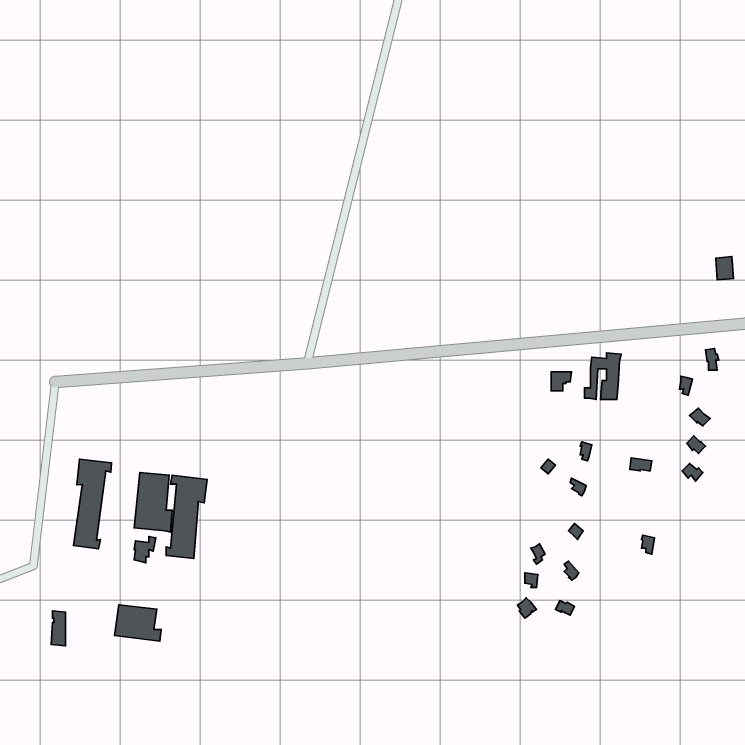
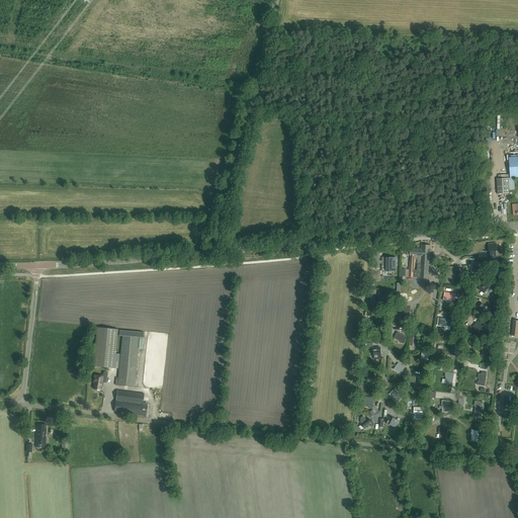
building: [74,459,112,549] -> none
building: [115,605,161,641] -> [114,391,147,416]

